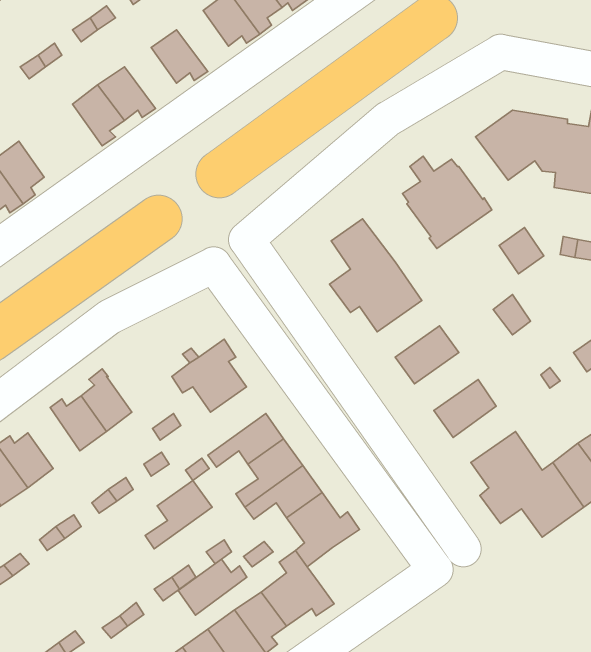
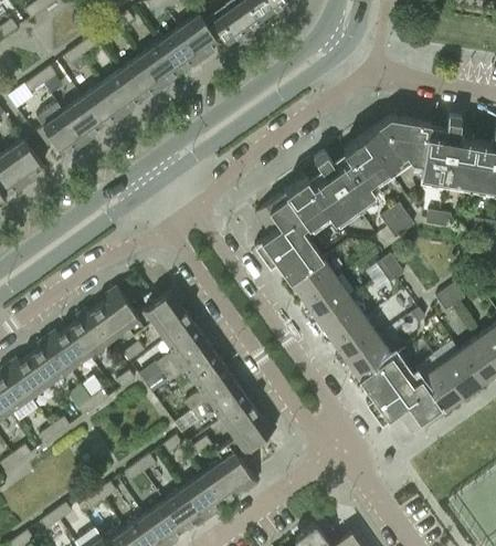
building: none -> [140,43,179,88]
building: none -> [102,71,140,116]
building: none -> [33,113,85,154]
building: none -> [344,137,387,183]
building: none -> [278,177,329,230]
building: none -> [289,259,336,301]
building: none -> [88,287,145,342]
building: none -> [317,297,365,340]
building: none -> [346,337,392,379]
building: none -> [30,338,68,384]
building: [145,480,212,549] -> [157,323,207,374]
building: [178,559,247,615] -> none

